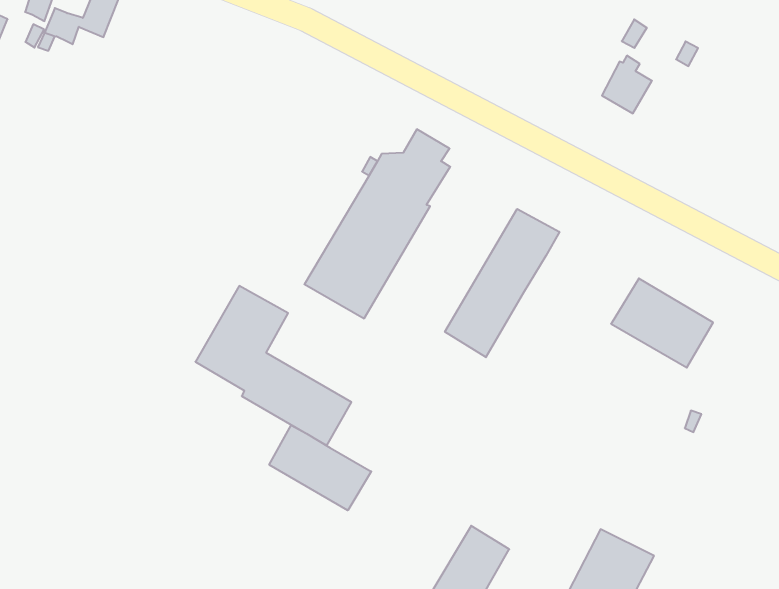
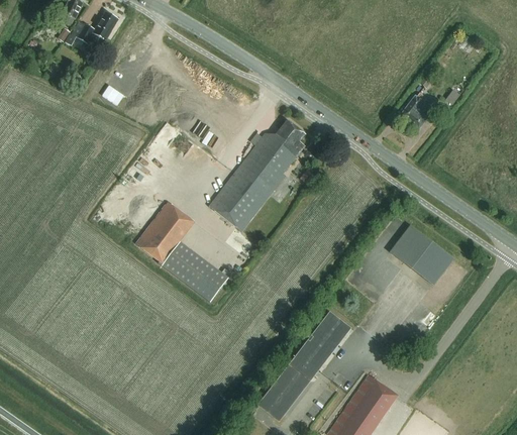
building: [445,209,559,357] -> none
building: [269,425,371,510] -> none
building: none -> [290,310,352,379]

